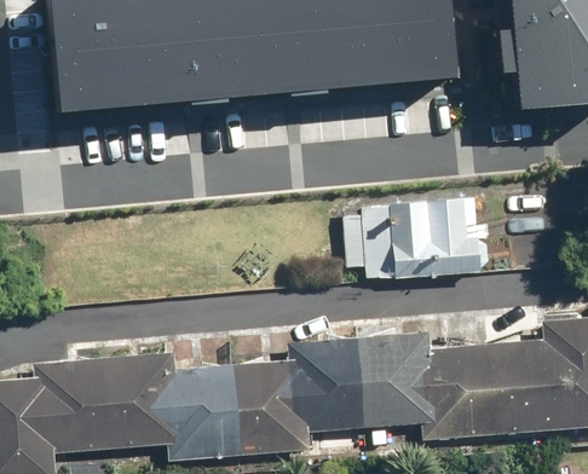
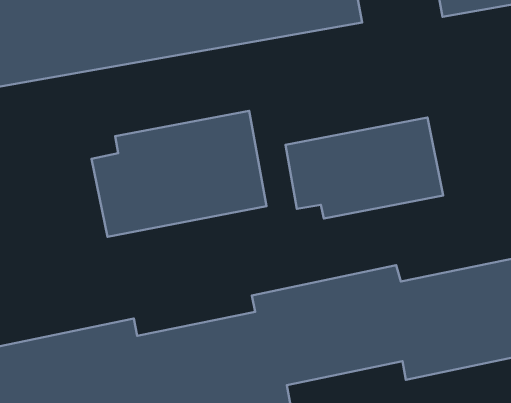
building: none -> [92,111,266,237]

